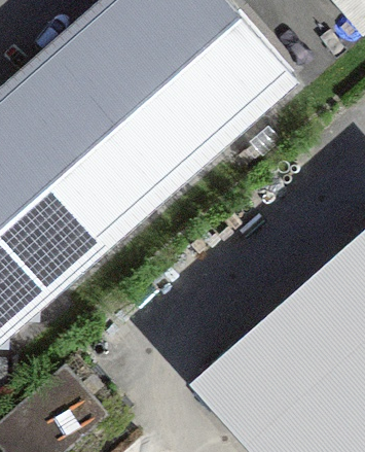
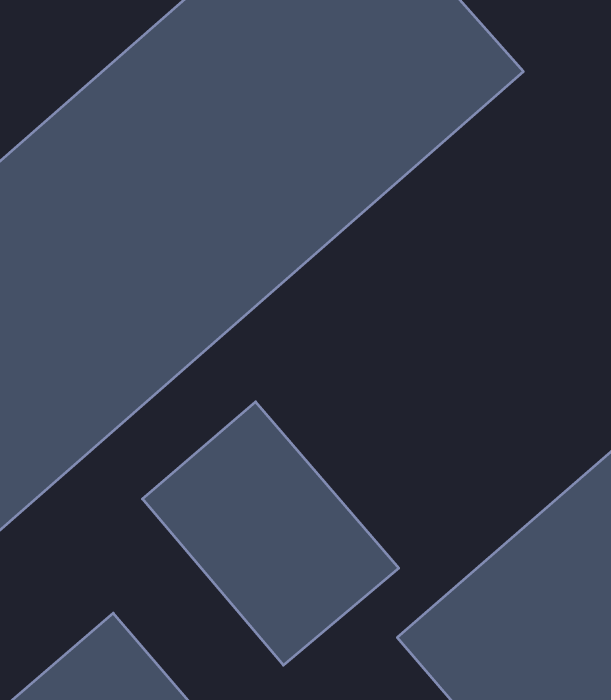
building: none -> [142,402,399,665]

